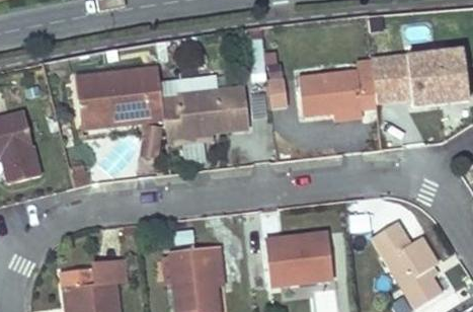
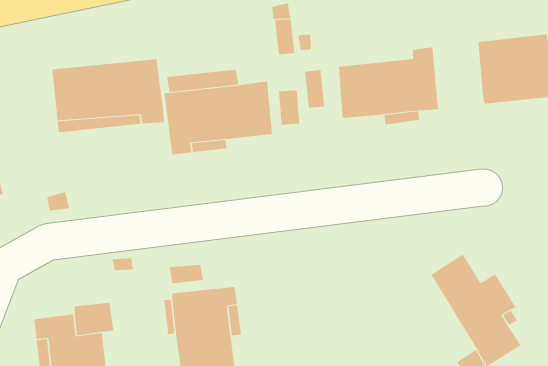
building: [373,56,411,103] -> none
building: [264,231,333,286] -> none

